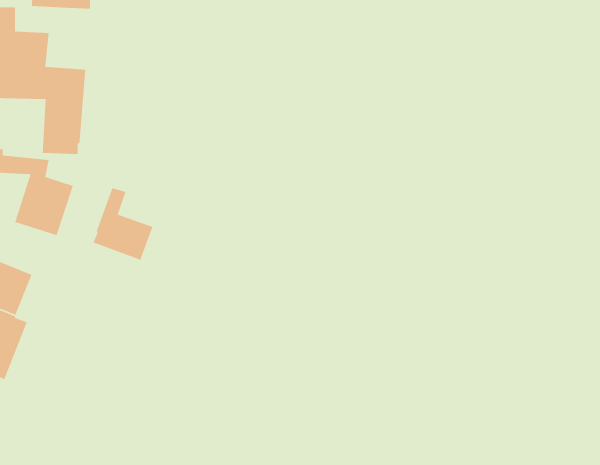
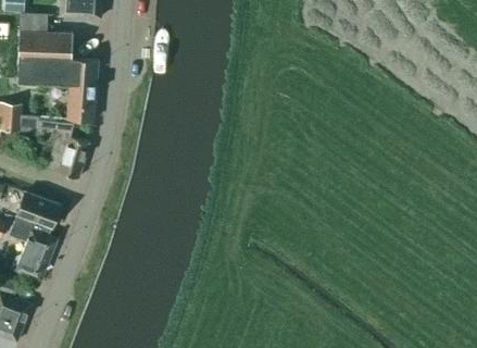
building: [93,187,153,261] -> none

